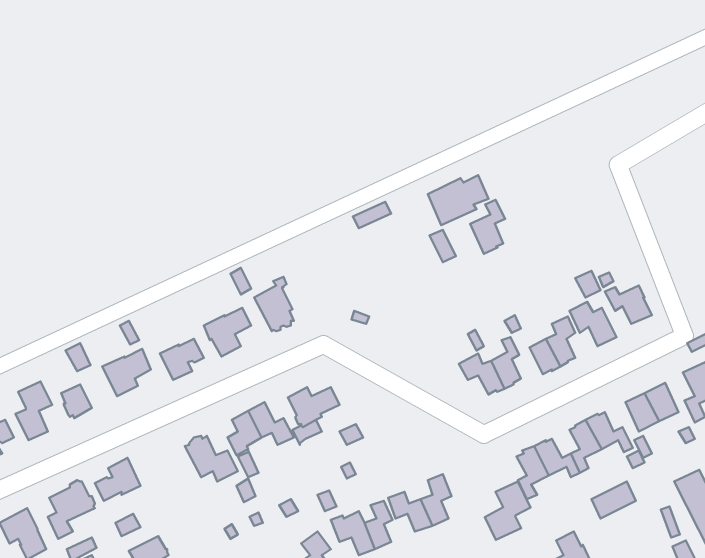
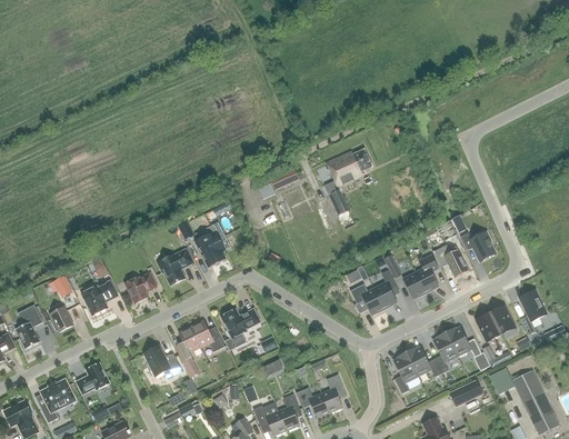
building: [470,200,505,254] -> none
building: [485,481,531,540] -> none

